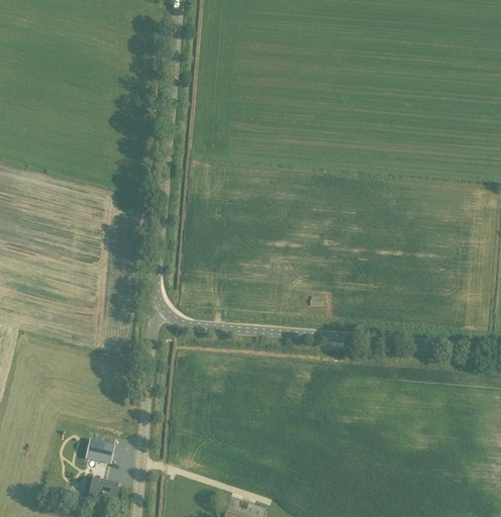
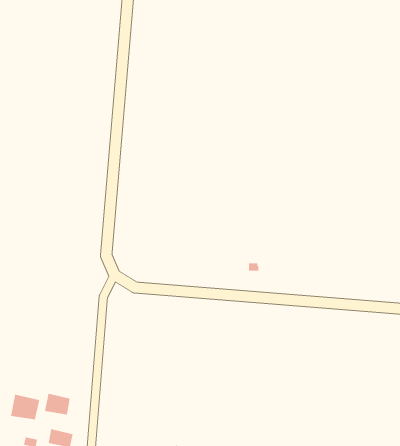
building: none -> [10,394,39,420]

